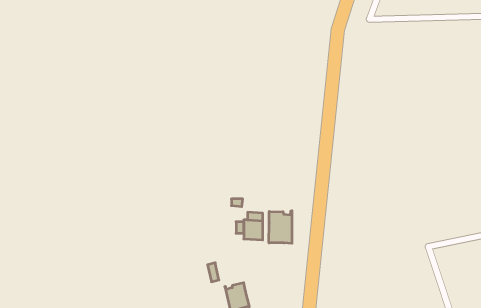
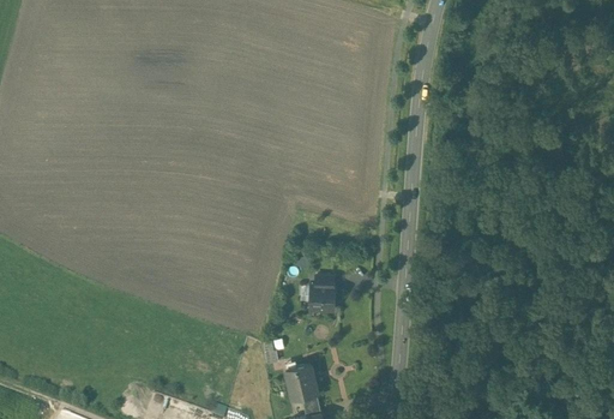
building: [269,211,292,243] -> none

